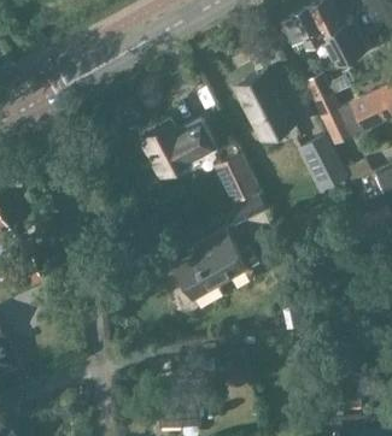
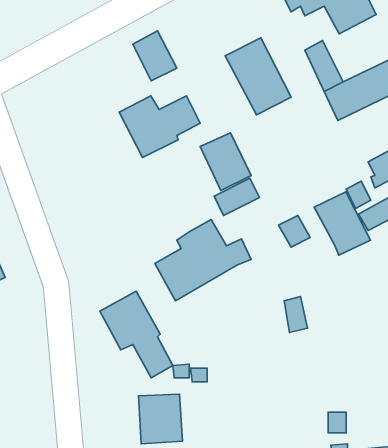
building: none -> [133,31,177,81]
building: [297,135,346,190] -> [314,192,370,255]
building: none -> [100,291,173,378]

